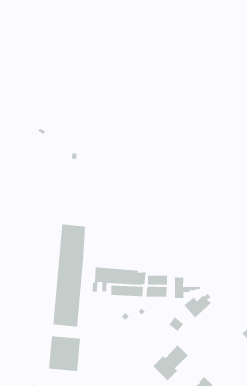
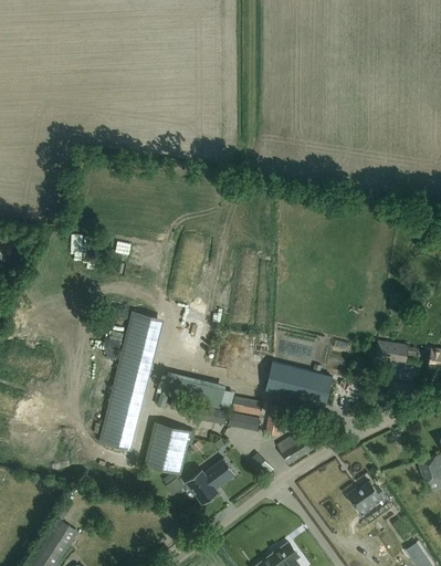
building: none -> [265,360,333,405]
building: [48,336,81,372] -> [144,421,193,474]
building: [153,345,188,381] -> [186,458,235,504]

